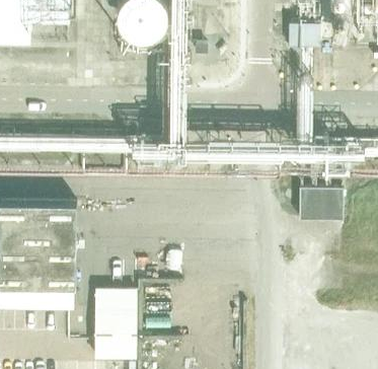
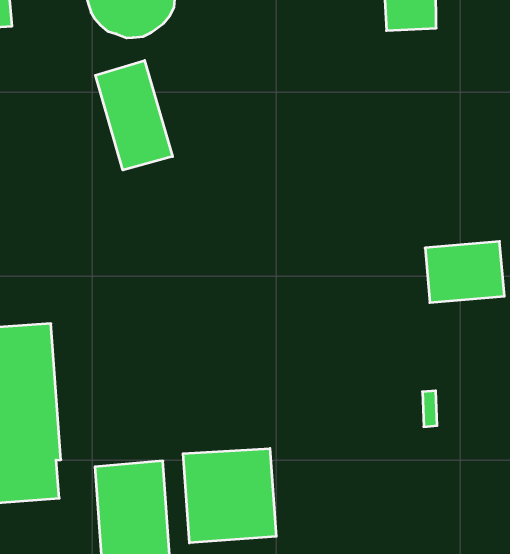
building: none -> [95,60,173,170]
building: none -> [183,448,276,543]

